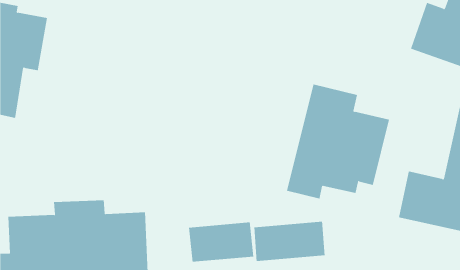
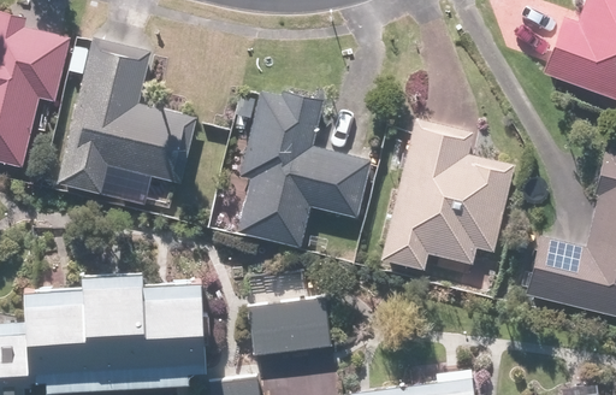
building: none -> [58,36,192,194]
building: none -> [238,90,373,247]
building: [254,221,325,262] -> none

